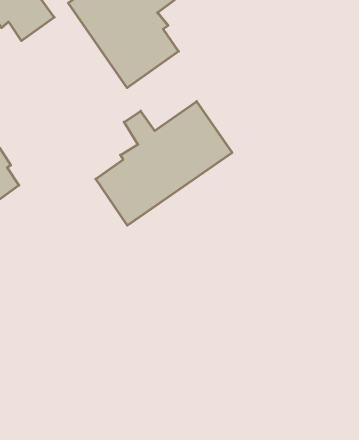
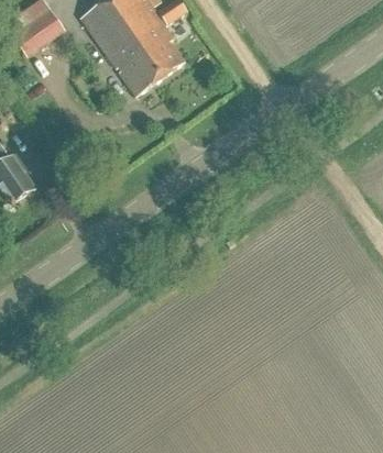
building: [96,101,232,225] -> none

